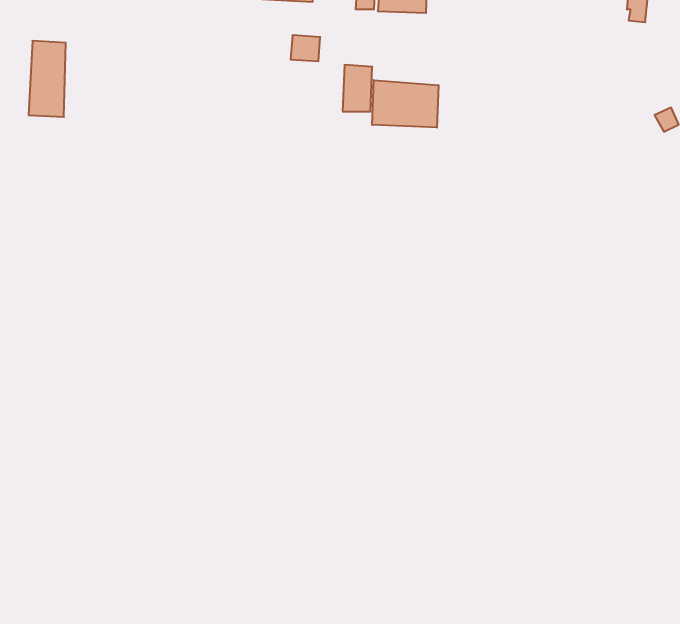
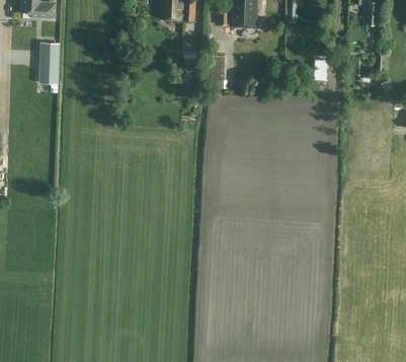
building: [372,80,438,128] -> none

